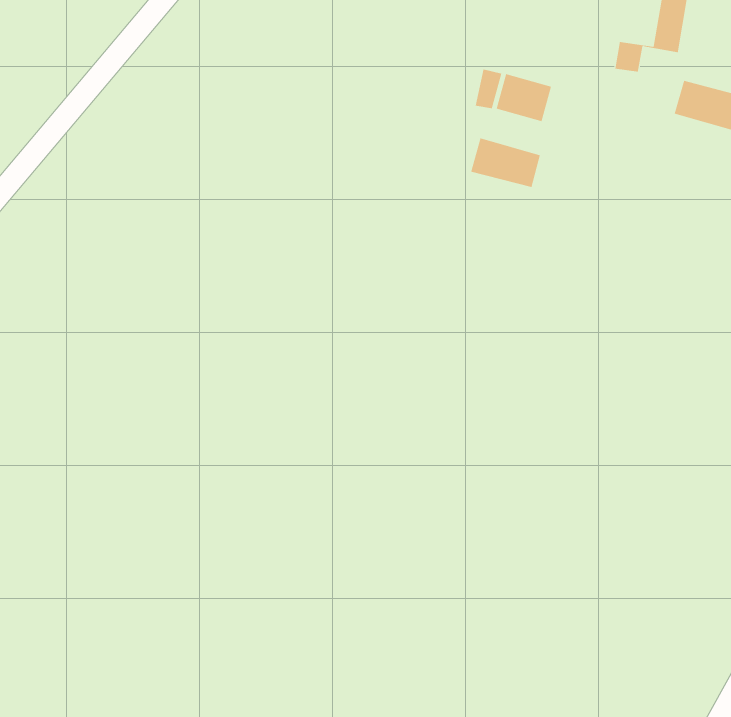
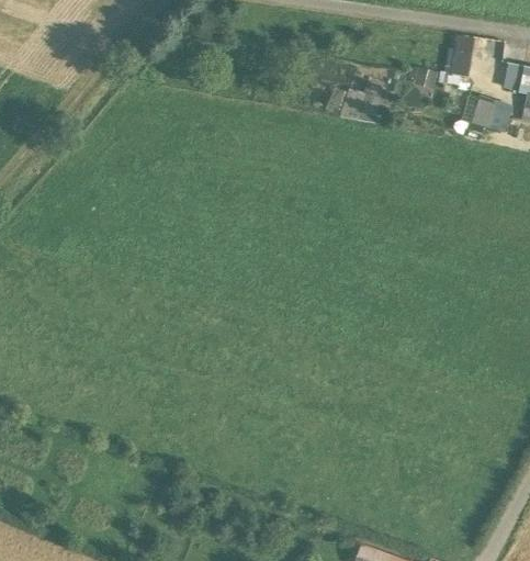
building: [471,138,540,188] -> none

